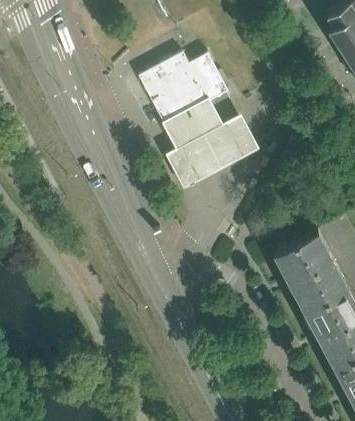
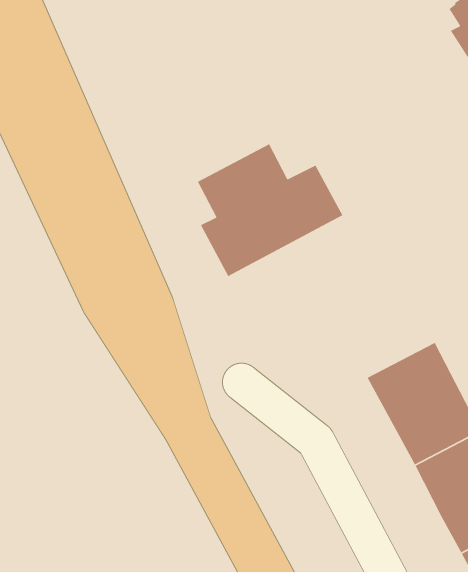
building: [138,54,228,128] -> none

